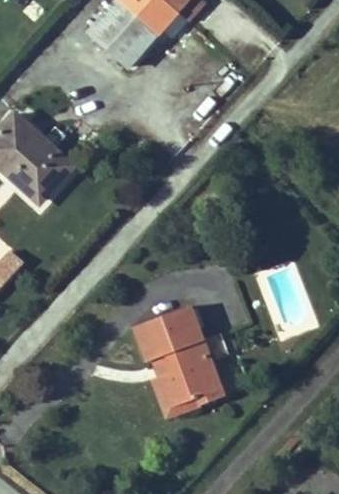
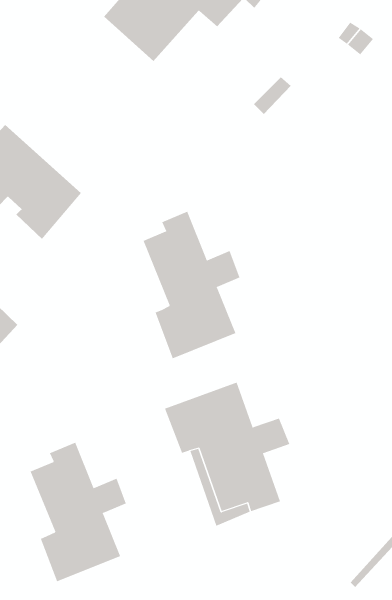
building: none -> [143,211,240,359]
building: none -> [30,442,126,582]

